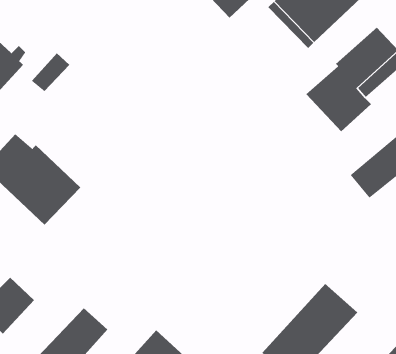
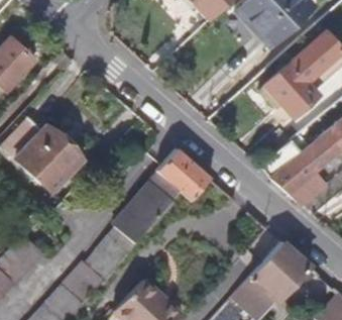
building: none -> [262,140,326,201]
building: none -> [87,147,211,278]

